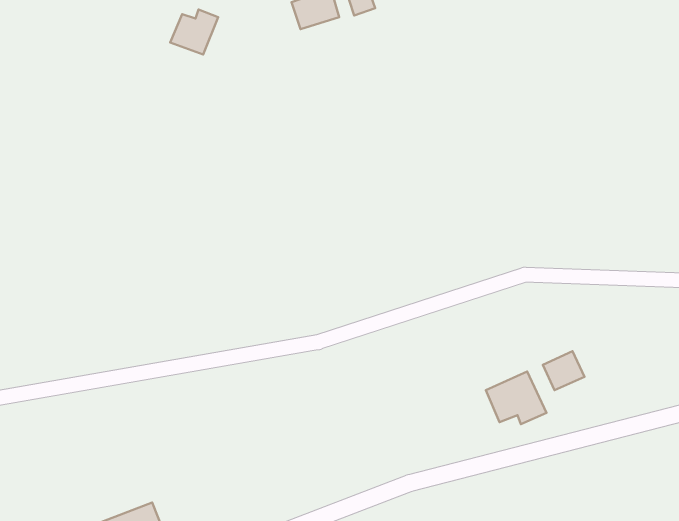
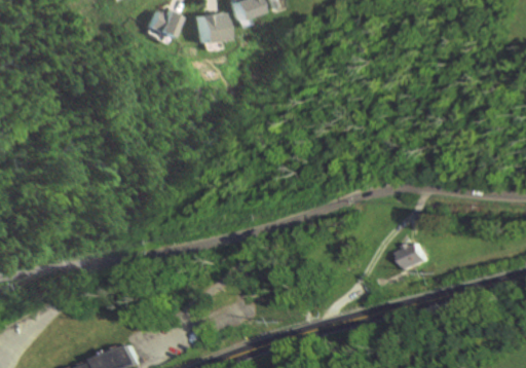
building: none -> [188,14,217,43]
building: [486,371,547,424] -> none

